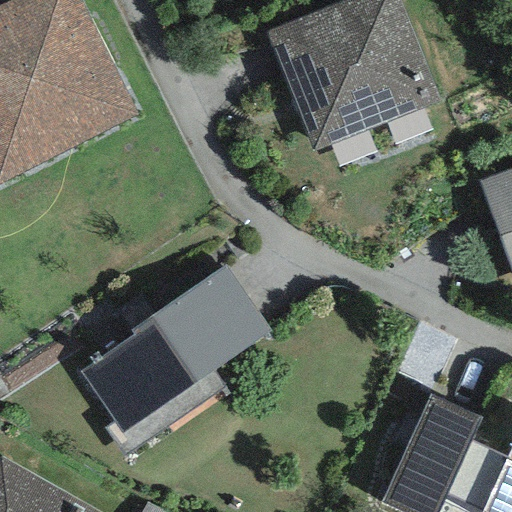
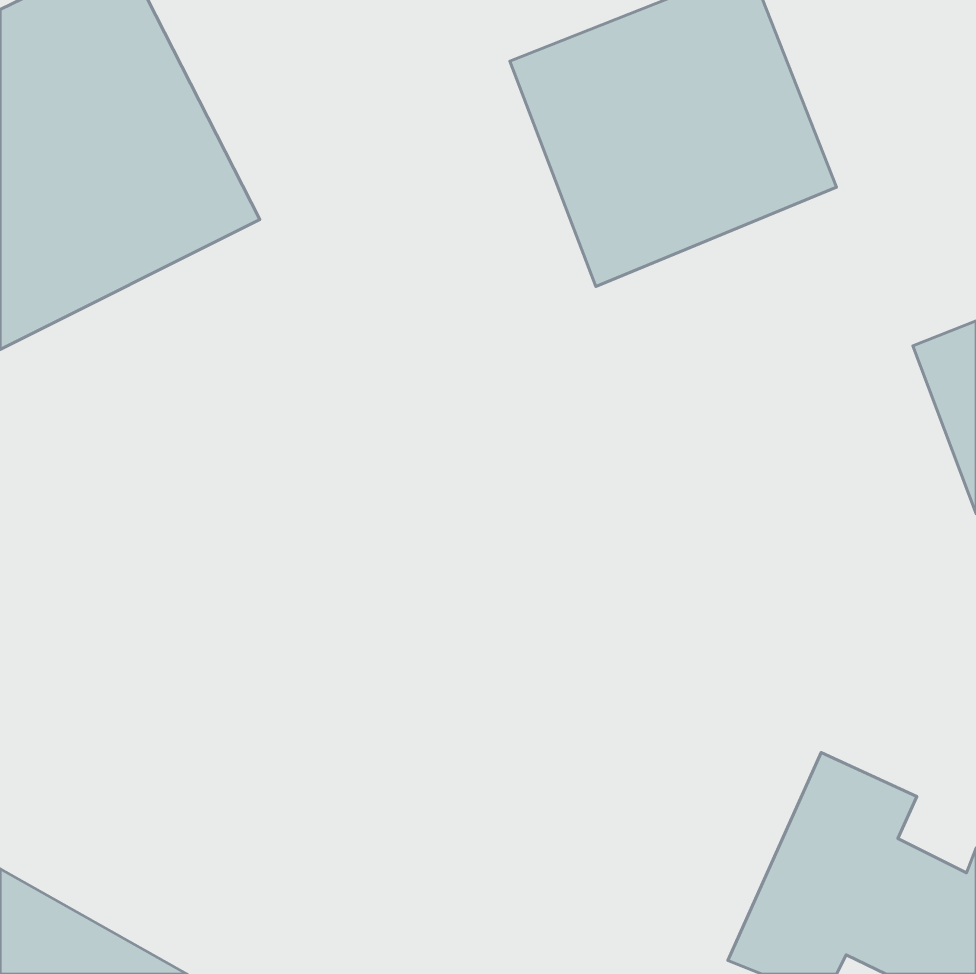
building: [80,265,269,456] -> none

